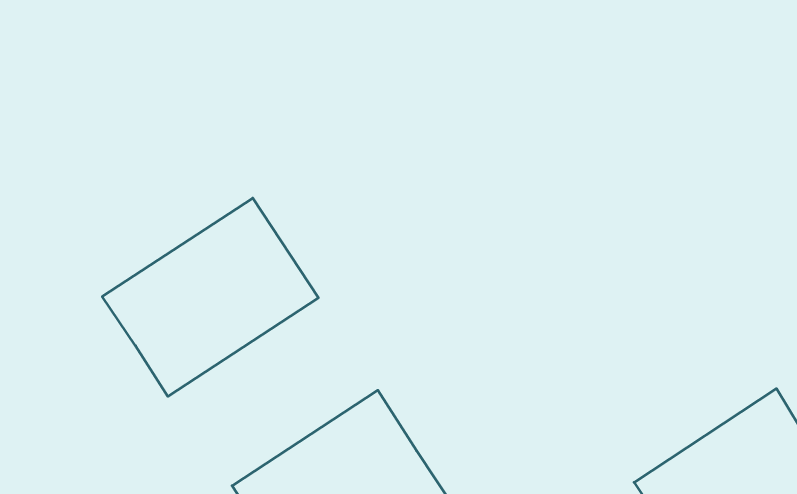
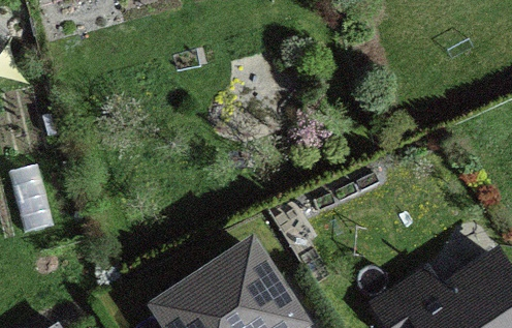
building: [102,198,318,396] -> none

